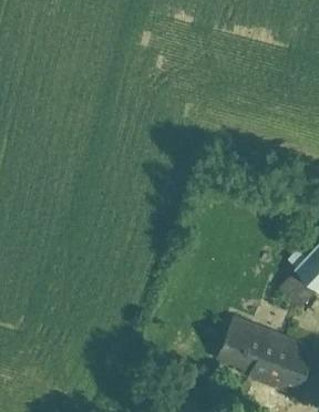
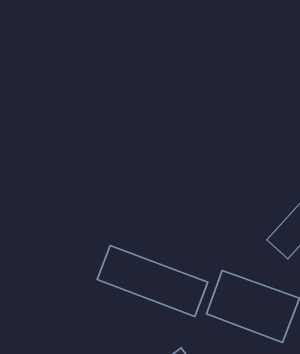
building: none -> [97,245,208,316]

